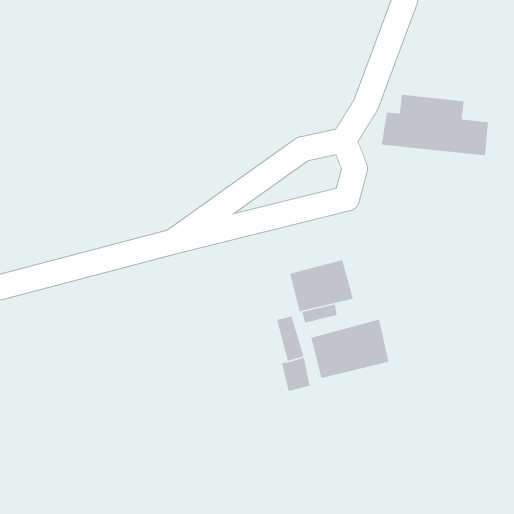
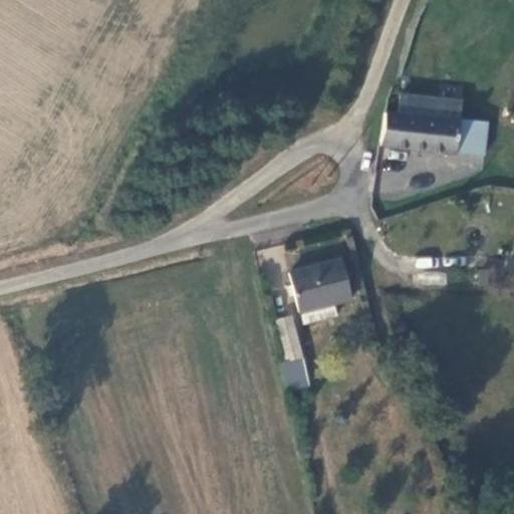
building: [310,319,390,379] -> none

